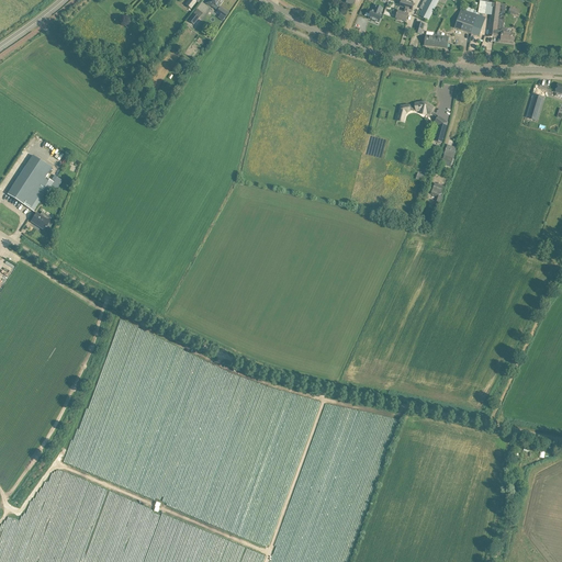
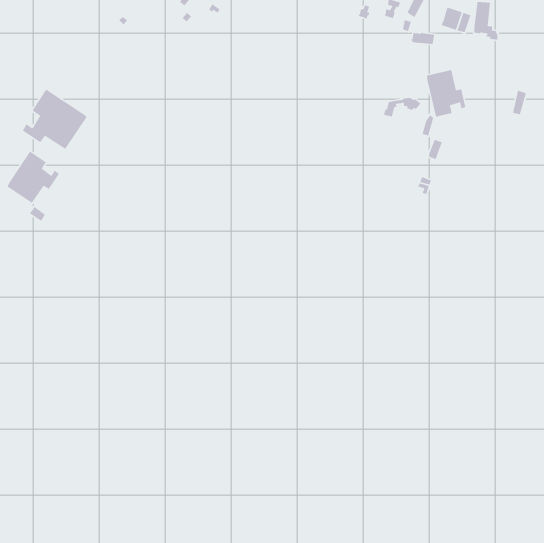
building: none -> [426,69,466,118]
building: none -> [22,89,87,150]

